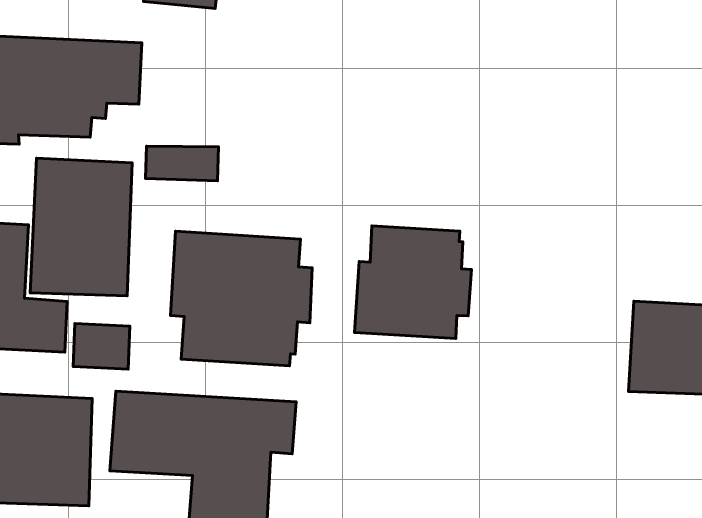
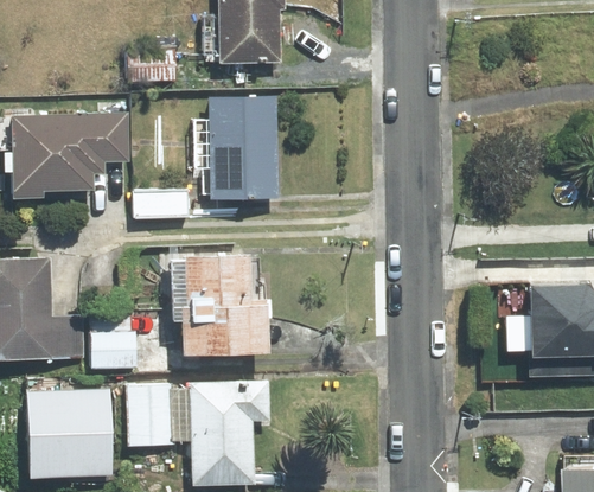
building: none -> [193,98,276,198]
building: [30,158,132,296] -> none
building: [354,226,472,339] -> none

